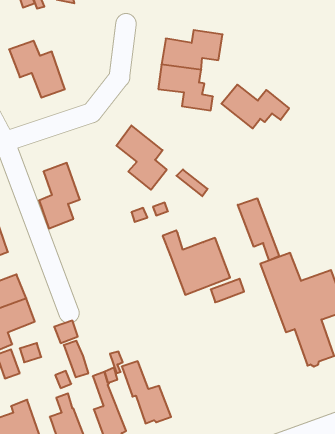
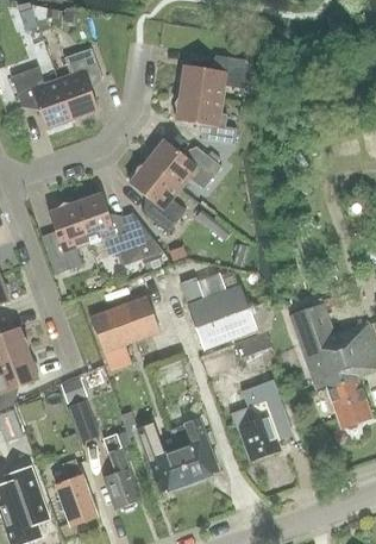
building: none -> [58,48,102,120]
building: [221,85,289,128] -> [146,139,221,188]
building: none -> [75,193,153,256]
building: [238,198,279,260] -> none
building: none -> [89,295,161,352]
building: none -> [231,380,293,459]
building: none -> [170,418,218,484]

